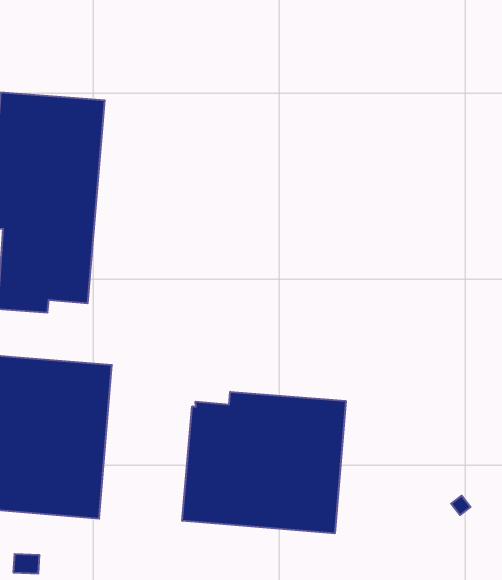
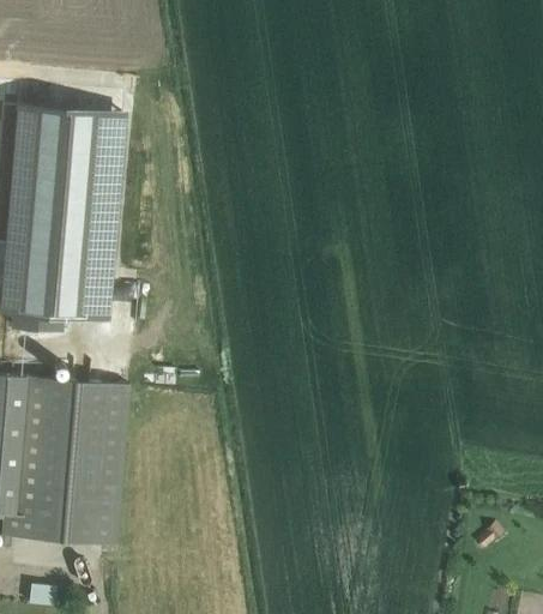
building: [182,392,346,533] -> none

